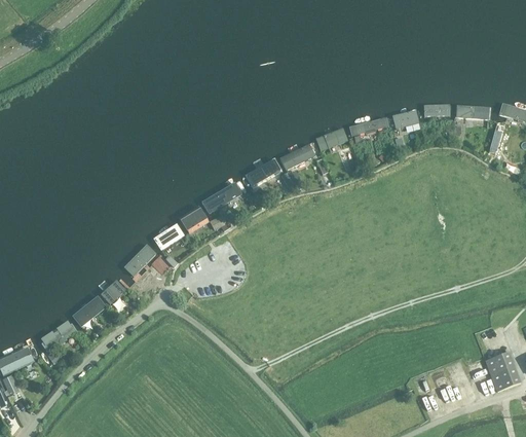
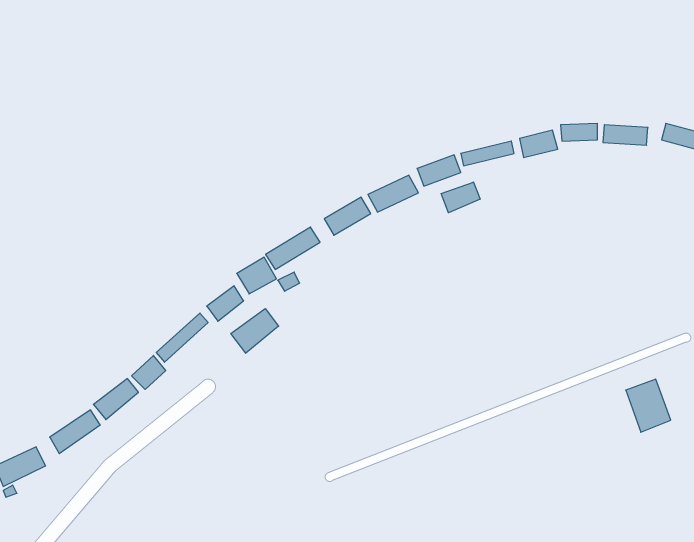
building: none -> [441,182,480,213]
building: none -> [231,309,279,353]
building: [484,349,518,389] -> [626,379,671,432]

